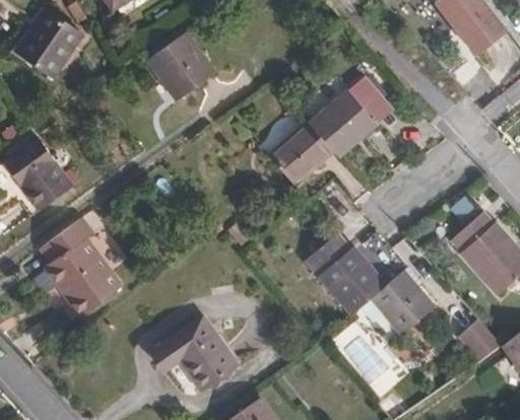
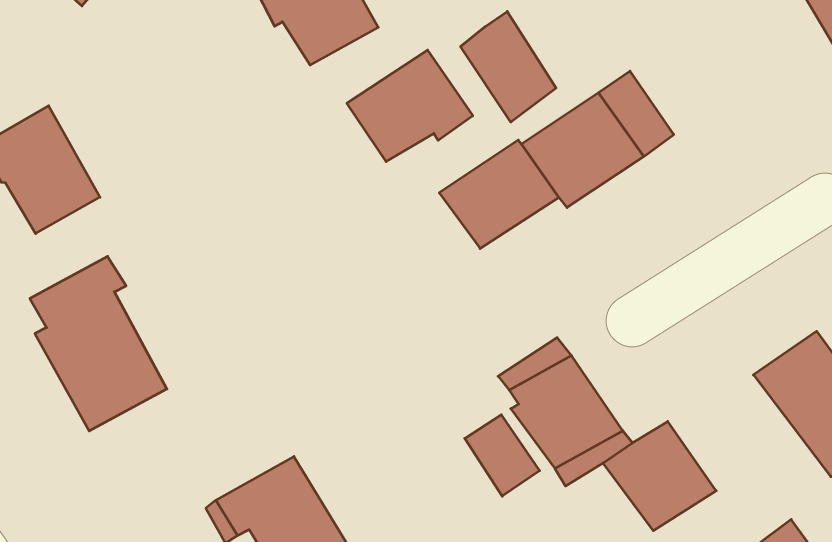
building: none -> [461,11,556,122]
building: none -> [347,50,473,162]
building: none -> [465,415,540,496]

